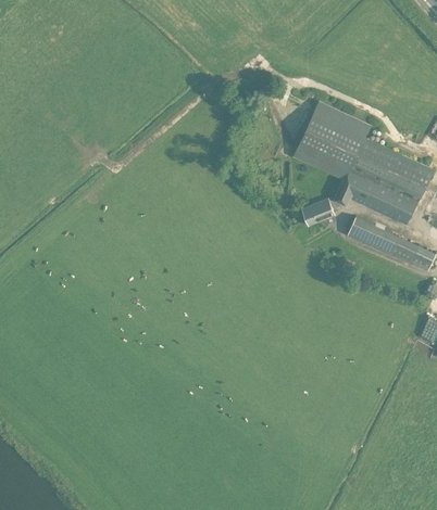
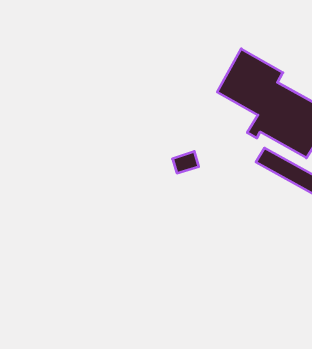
building: [302,199,334,226] -> [172,151,199,173]

